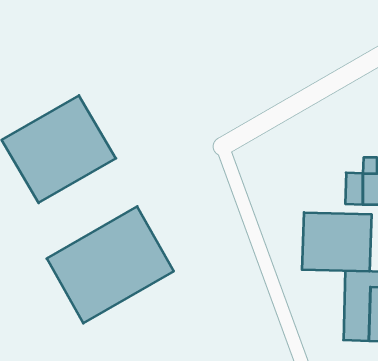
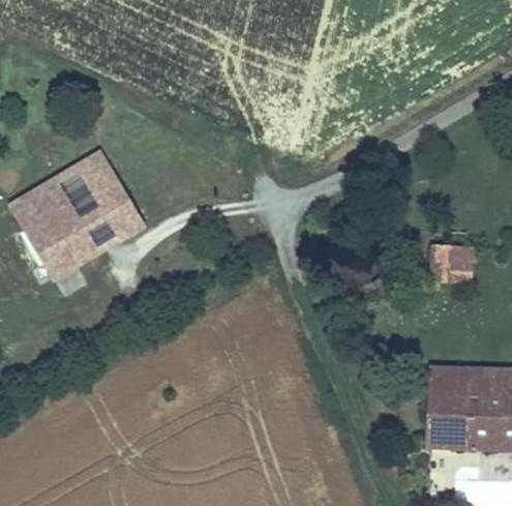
building: [47,206,174,323] -> none
building: [302,212,371,271] -> none

